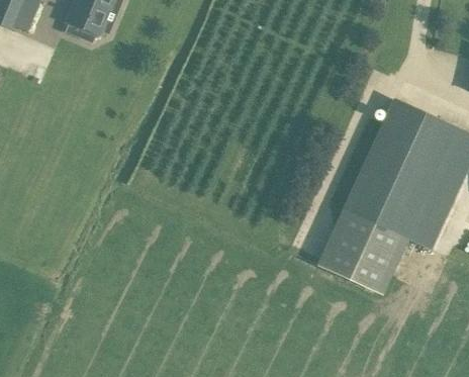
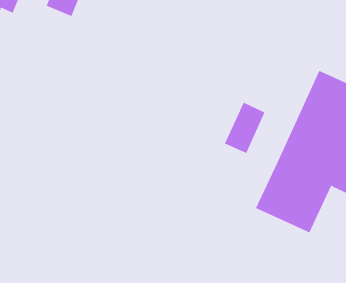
building: none -> [224,102,265,154]

